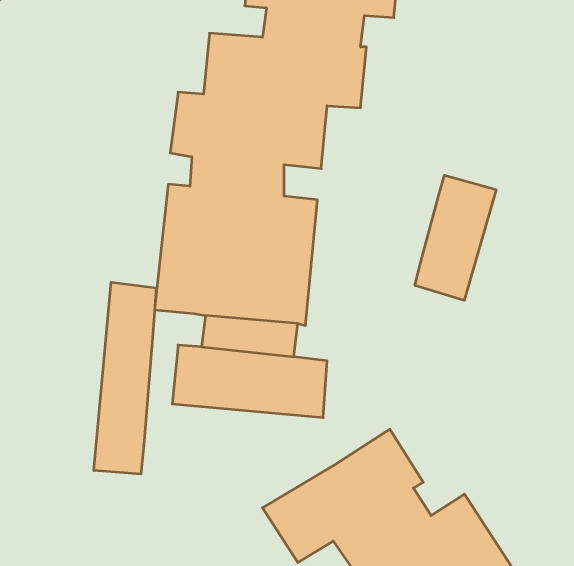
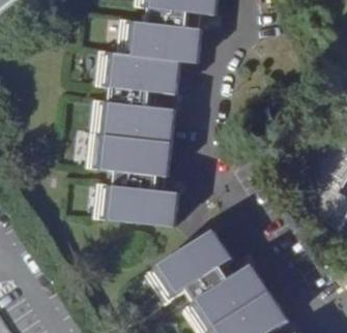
building: [415,175,496,300] -> none
building: [94,282,156,474] -> none

